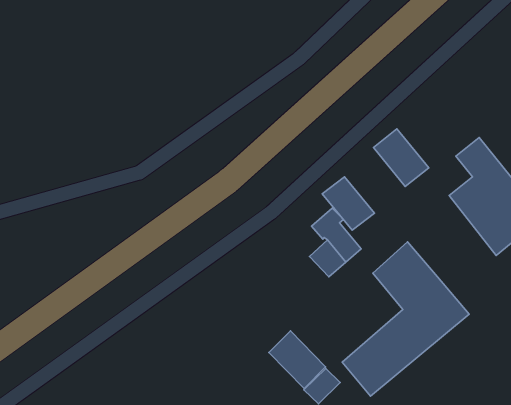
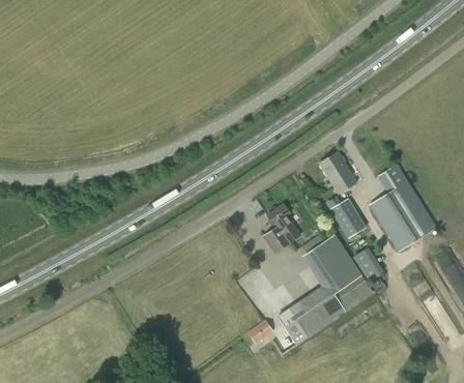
building: [322,177,375,230] -> [329,198,366,237]
building: none -> [352,246,383,281]
building: [269,331,326,389] -> none

